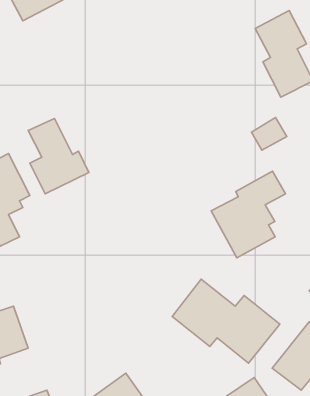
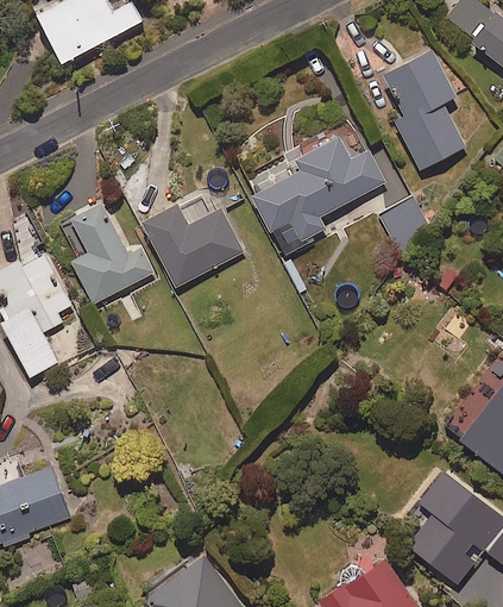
building: none -> [250,137,385,257]
building: none -> [142,195,244,288]
building: [211,171,285,258] -> none
building: [172,279,280,363] -> none

